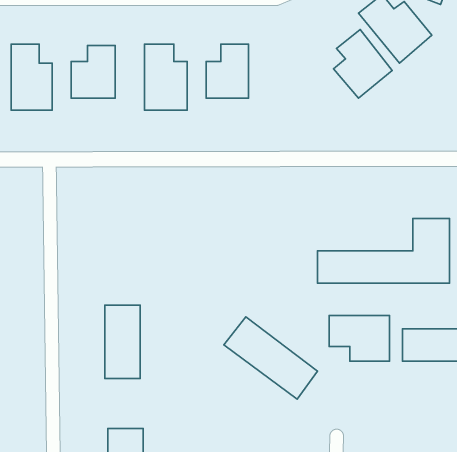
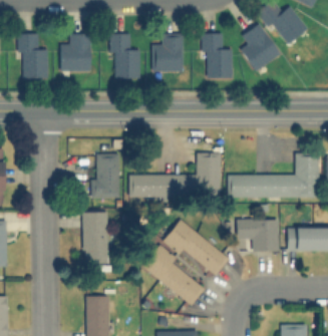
building: none -> [202,34,231,78]
building: none -> [93,153,119,199]
building: none -> [129,153,221,198]
building: none -> [142,249,207,306]

